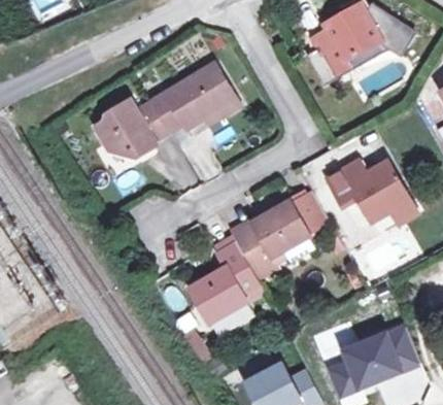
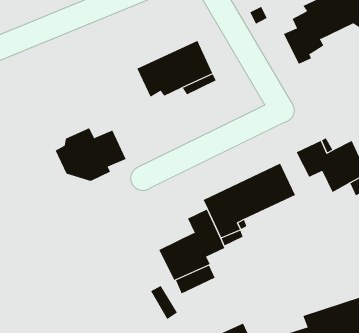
building: [93,100,169,157] -> [55,127,126,181]

